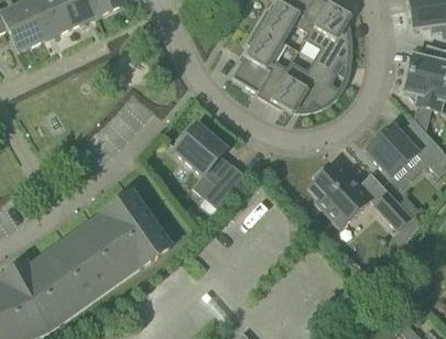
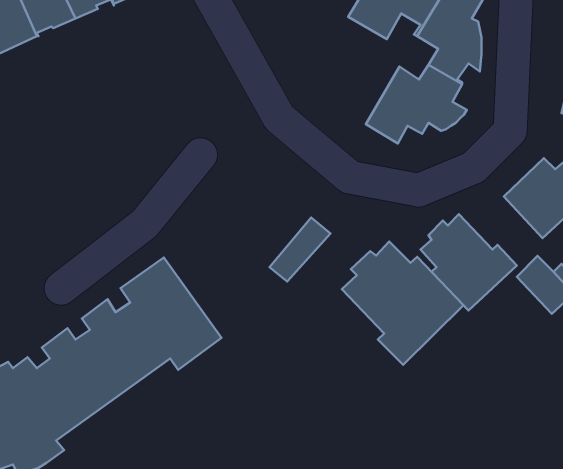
building: [232,26,293,100] -> none
building: [173,130,227,176] -> none
building: none -> [342,242,464,365]

